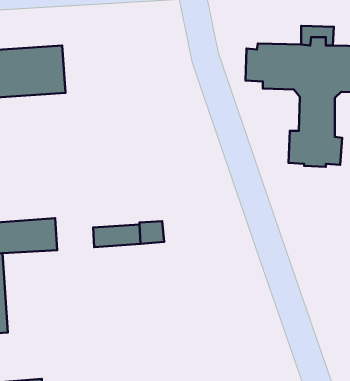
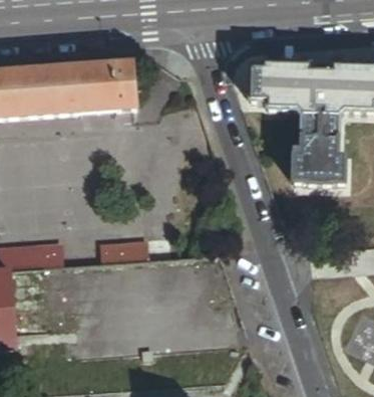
building: none -> [69,62,135,114]

